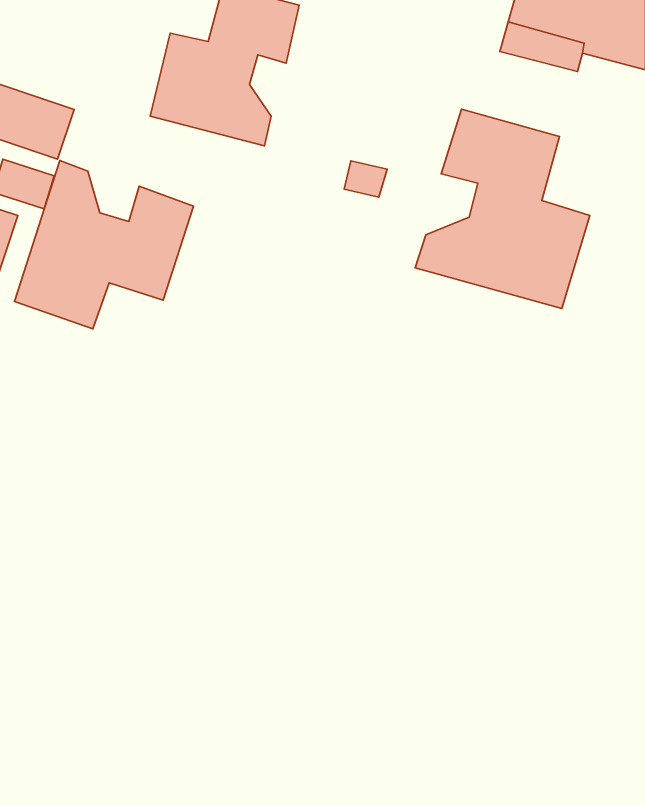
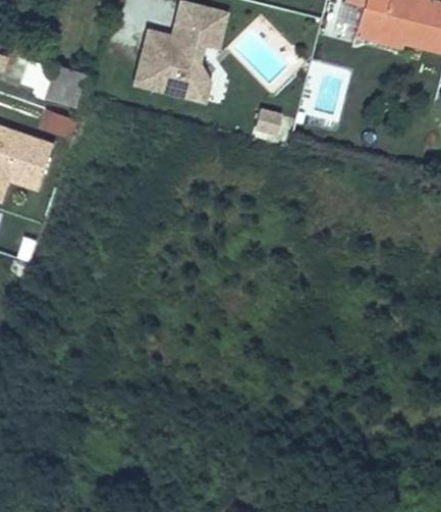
building: [415,109,590,309] -> none
building: [14,161,193,329] -> none

